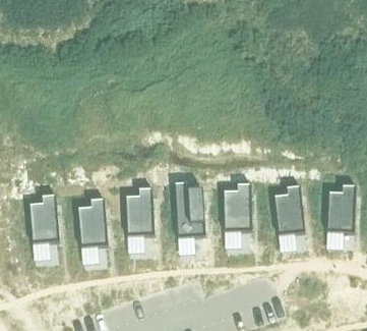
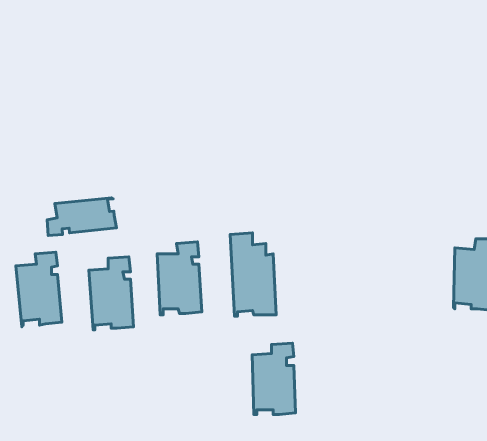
building: none -> [47,198,116,235]
building: [223,183,252,232] -> [252,343,295,414]
building: [273,185,305,235] -> none

